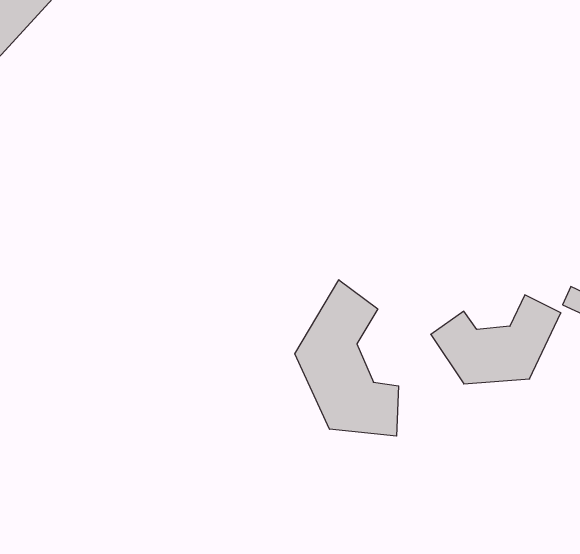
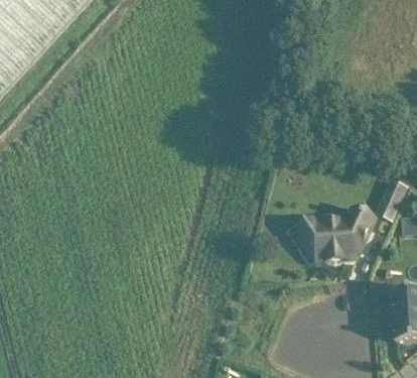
building: [295,280,399,436] -> none

